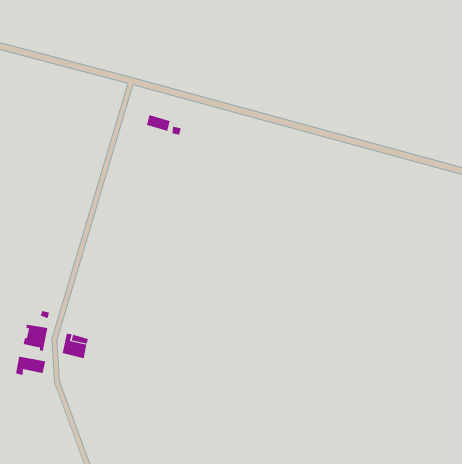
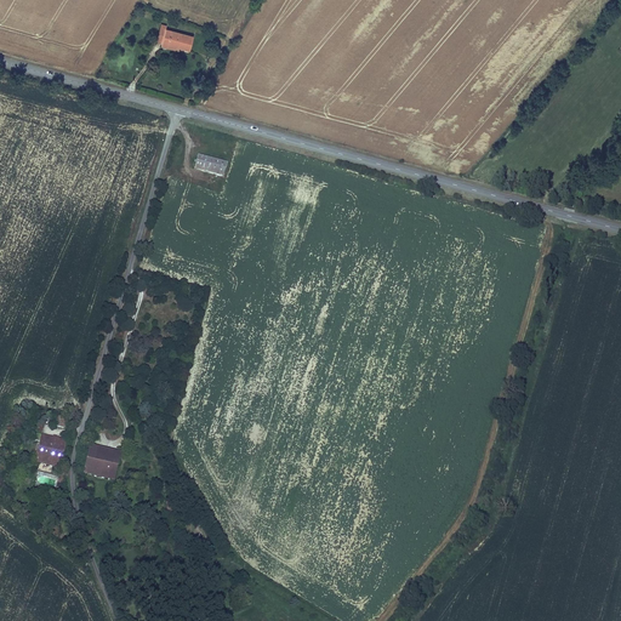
building: none -> [155,23,194,50]
building: [15,356,46,376] -> none

